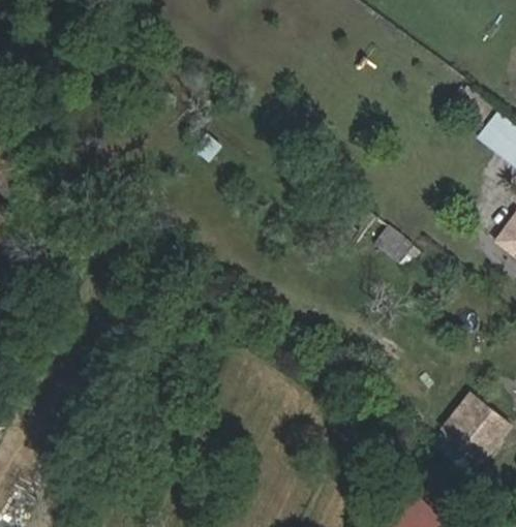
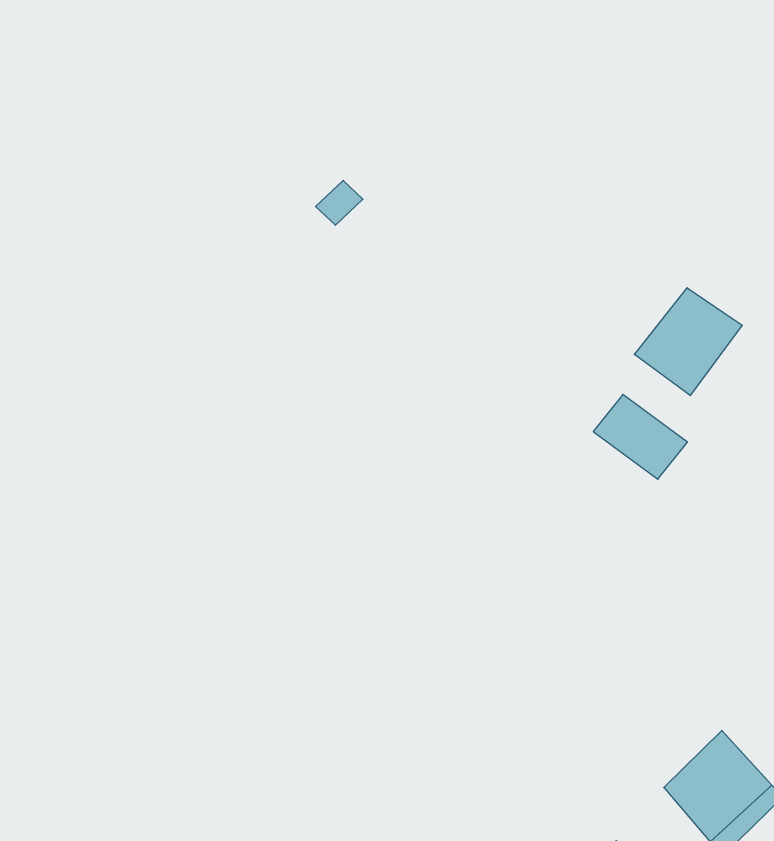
building: none -> [634,288,742,396]

